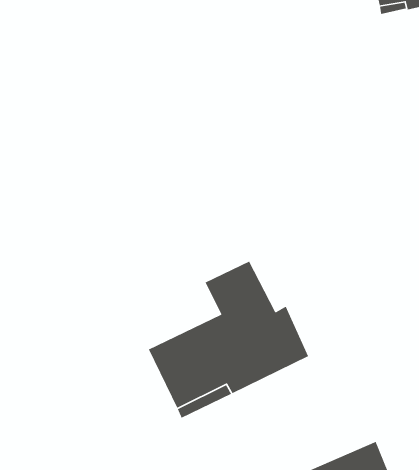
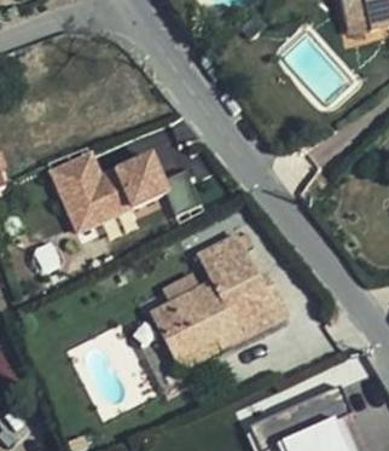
building: none -> [48,144,172,227]

